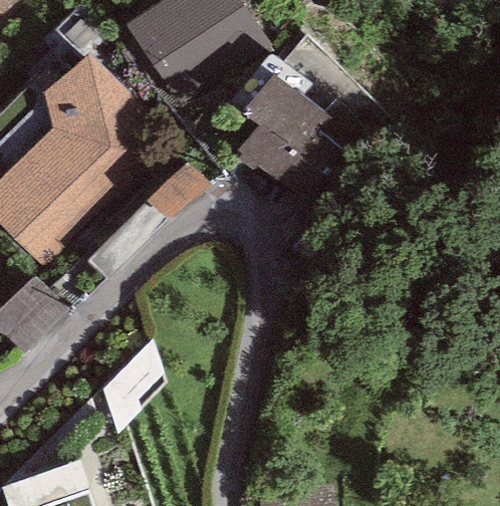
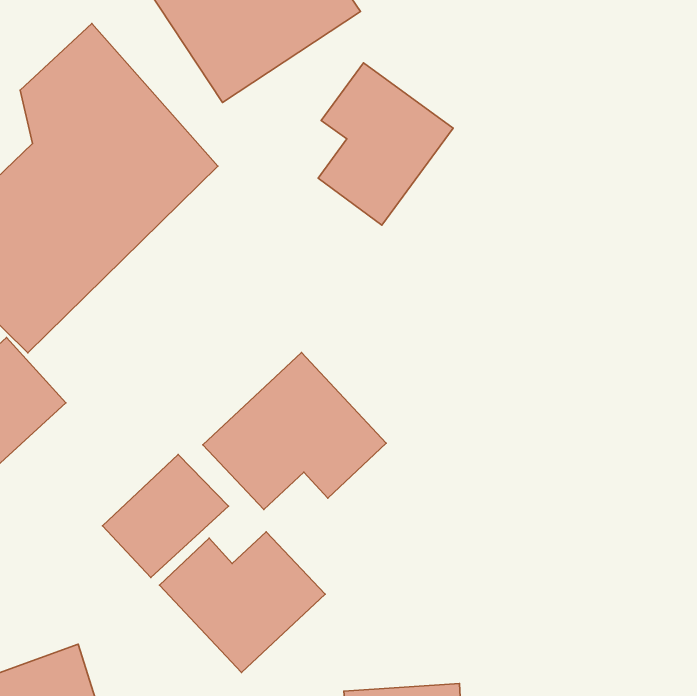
building: none -> [203,352,386,510]
building: none -> [160,532,325,673]

